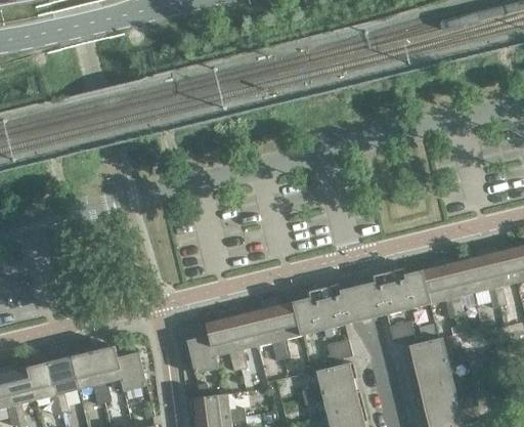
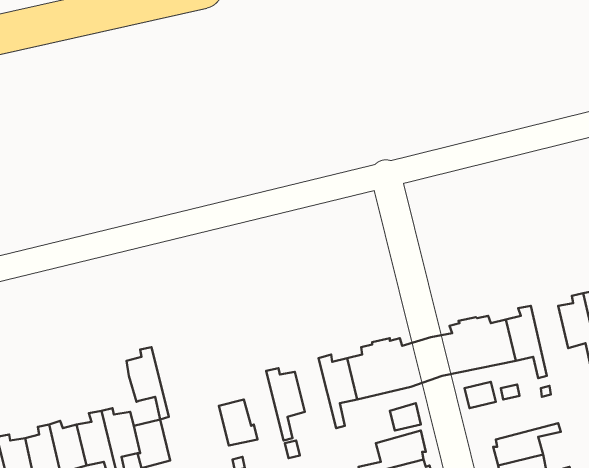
building: [442,258,473,317] -> none
building: [249,303,282,361] -> none
building: [205,313,239,373] -> [126,347,169,419]
building: [404,339,465,370] -> none

